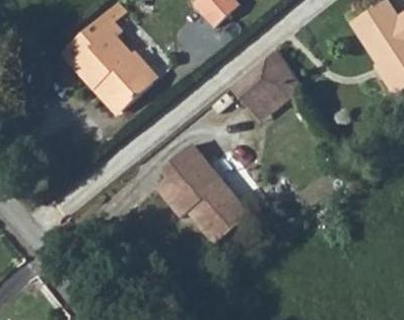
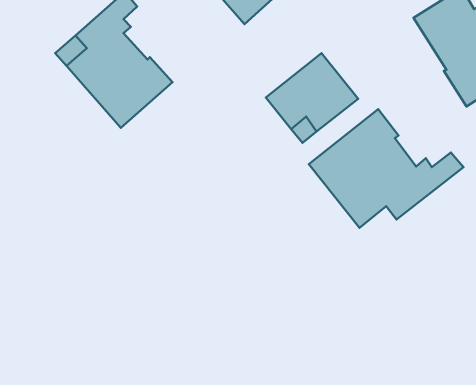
building: none -> [309,109,463,228]
building: [155,145,251,246] -> none

